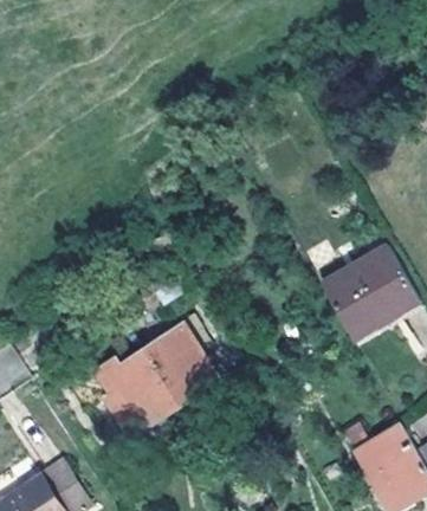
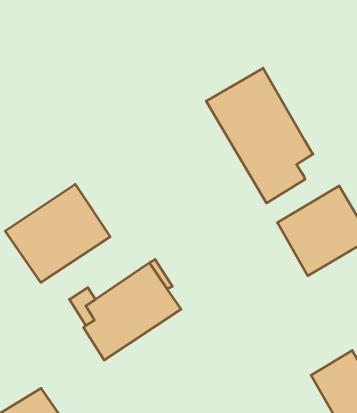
building: none -> [206,68,313,203]
building: none -> [5,184,110,282]

